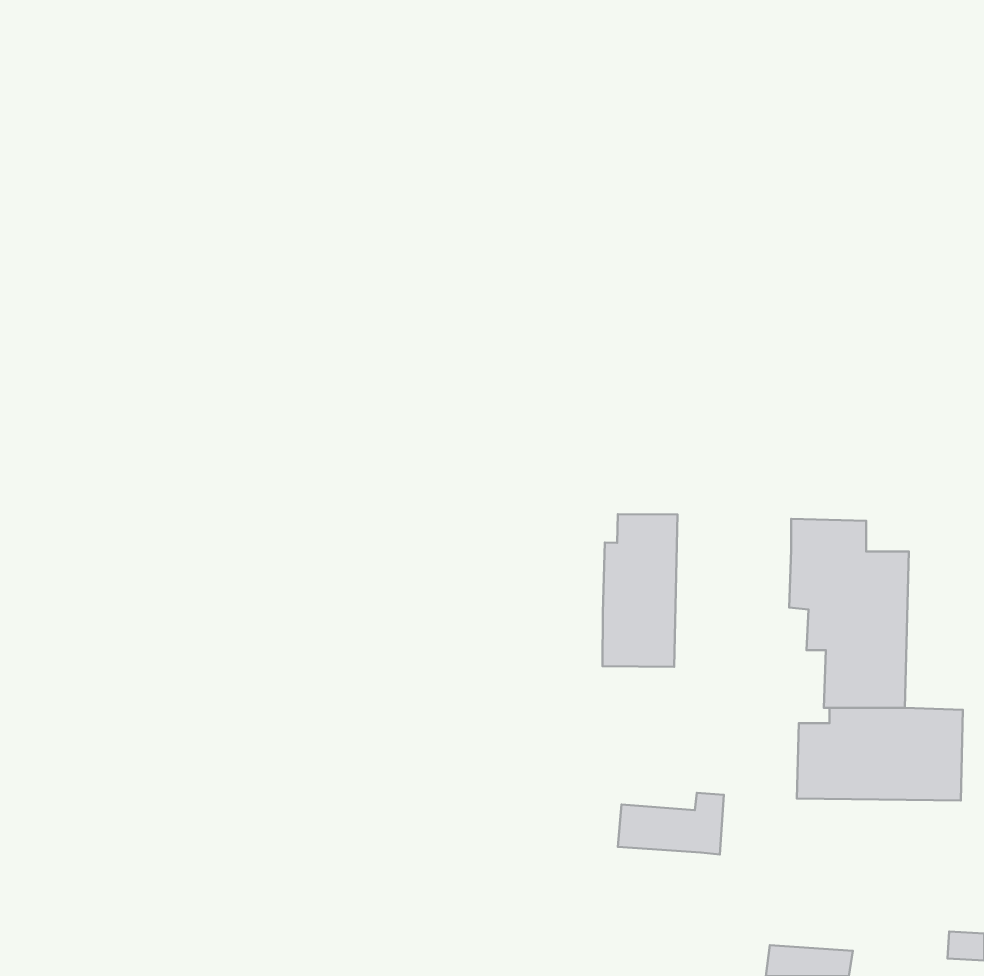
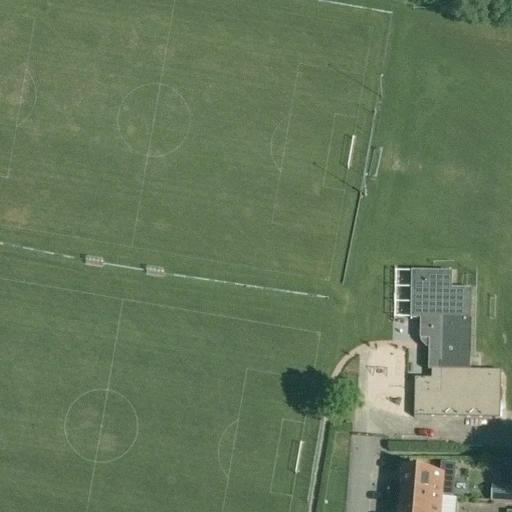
building: [602,514,677,667] -> none
building: [618,793,724,855] -> [399,462,454,494]

